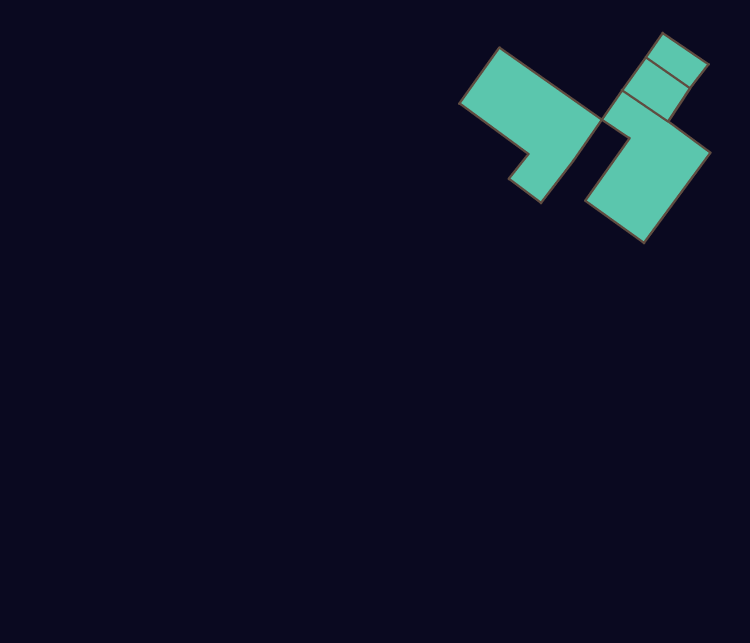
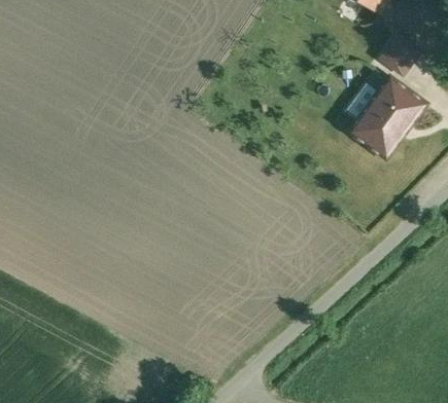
building: [459,48,602,203] -> none

